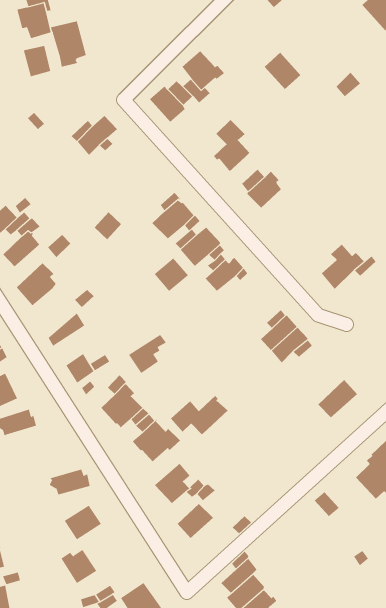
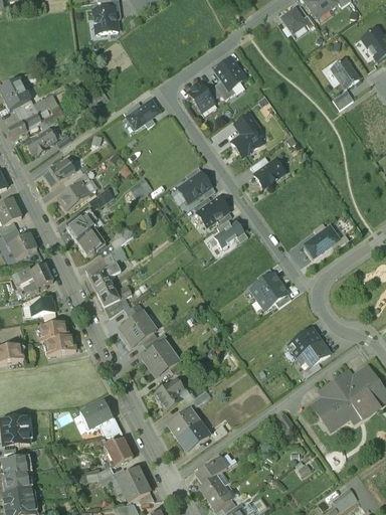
building: [51,21,86,67] -> none
building: [23,45,51,77] -> none
building: [264,52,301,90] -> [331,58,359,89]
building: [154,257,189,292] -> none
building: none -> [76,229,107,254]
building: [128,334,167,374] -> [88,262,120,291]
building: none -> [298,341,330,370]
building: [170,395,228,435] -> none
building: [49,469,91,495] -> [43,335,75,353]
building: none -> [177,423,209,451]
building: [61,549,97,584] -> [105,439,132,465]

